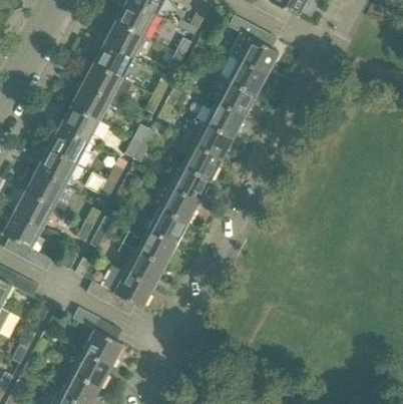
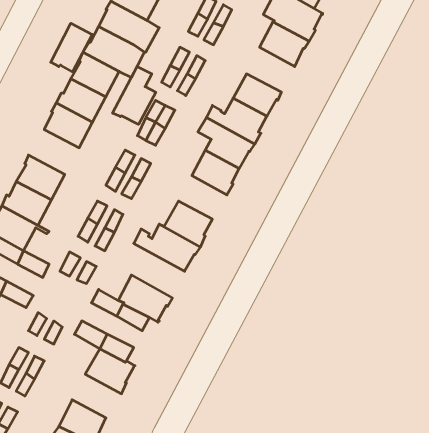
building: none -> [51,23,92,72]
building: [208,76,256,117] -> none
building: none -> [113,67,156,124]
building: [35,148,77,185] -> none
building: [159,186,199,223] -> none
building: [118,243,164,288] -> none
building: [71,351,112,387] -> none

